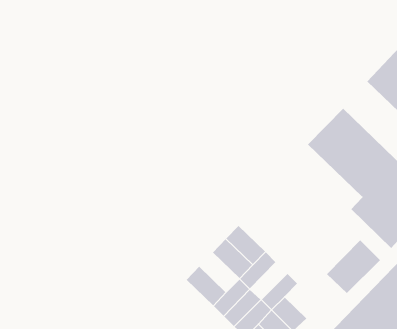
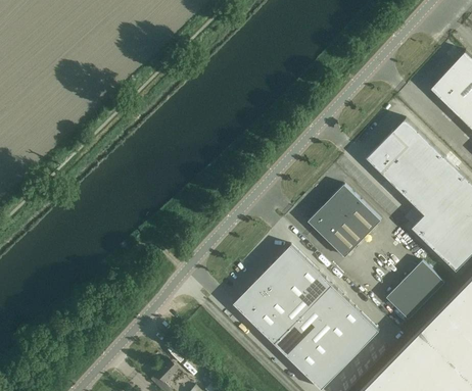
building: none -> [309,186,381,258]
building: none -> [248,276,292,319]
building: none -> [303,286,344,327]
building: none -> [341,309,379,347]

